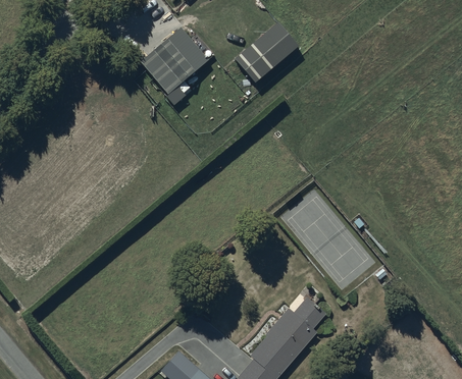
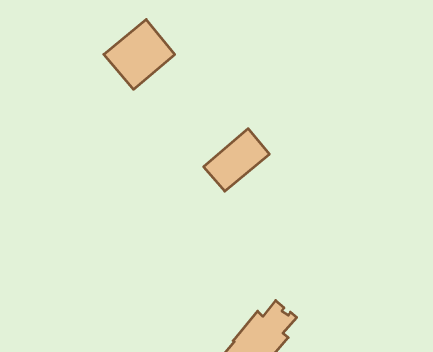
building: [235,21,298,82] -> [204,129,269,191]

